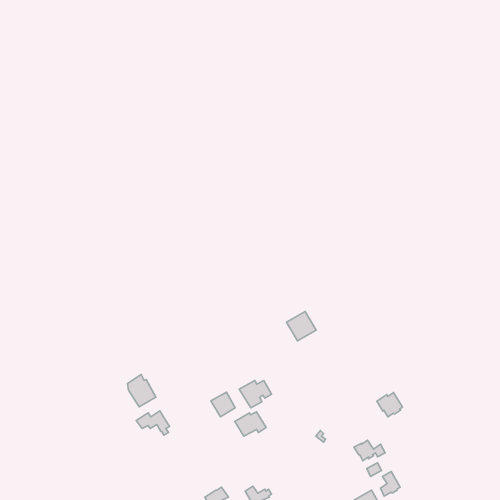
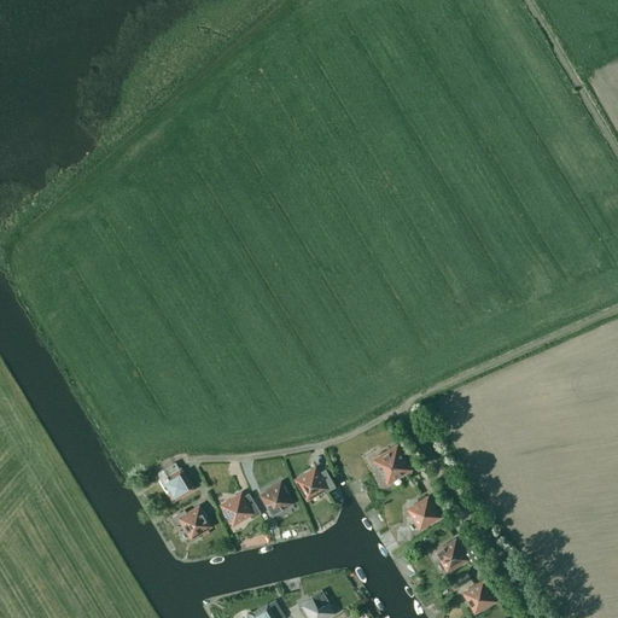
building: [287,312,316,341] -> [373,447,409,483]
building: [377,392,402,417] -> [406,499,437,529]
building: [235,412,266,436] -> [221,494,260,524]

